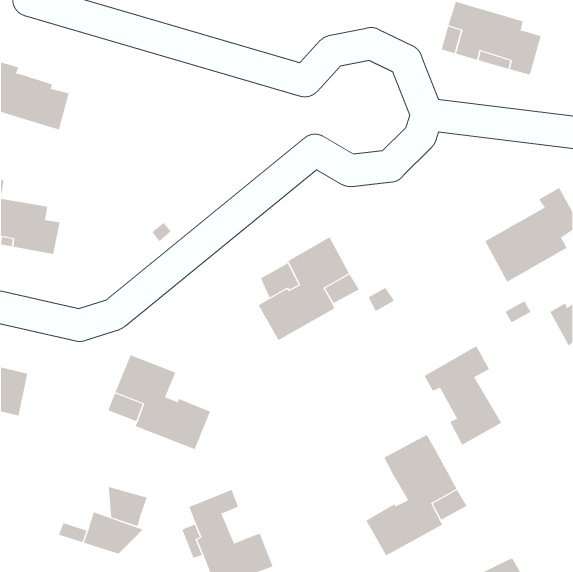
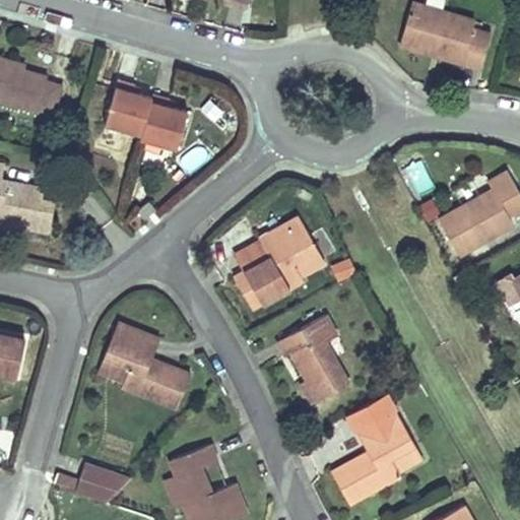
building: none -> [105,79,188,149]
building: [424,346,502,445] -> [277,314,348,404]
building: [108,486,147,527] -> none

